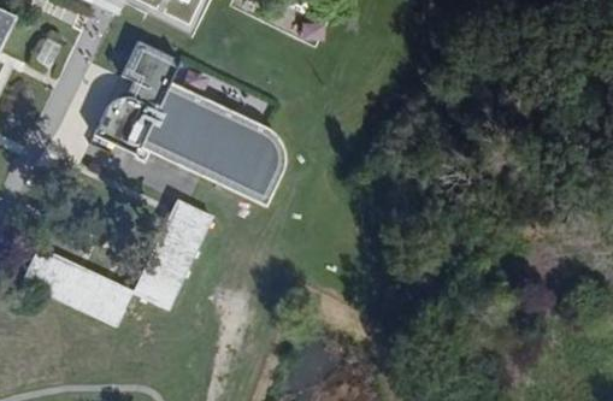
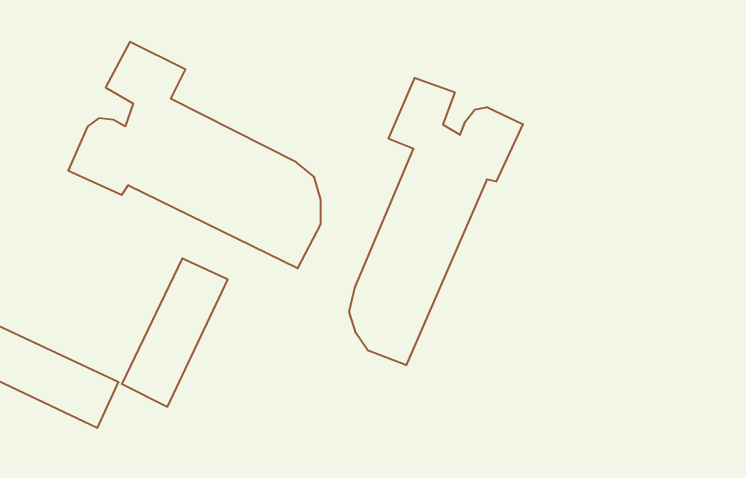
building: none -> [349,78,523,365]

